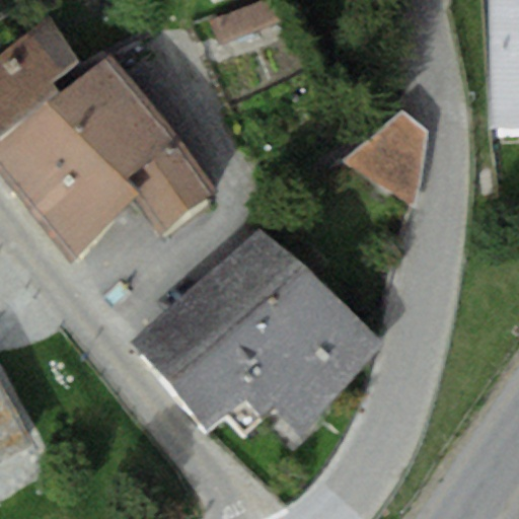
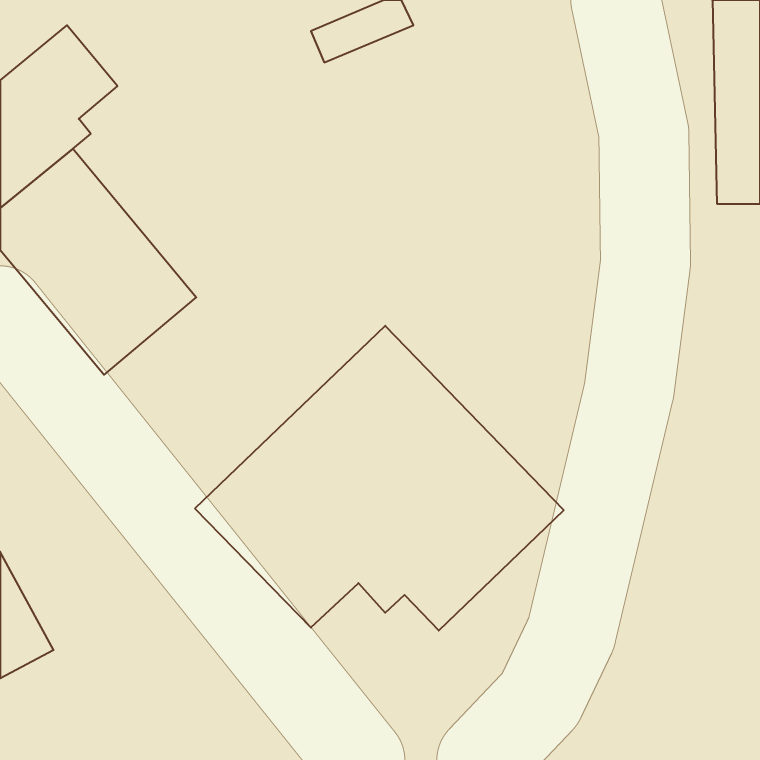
building: [50,53,220,235] -> none
building: [343,106,429,206] -> none

